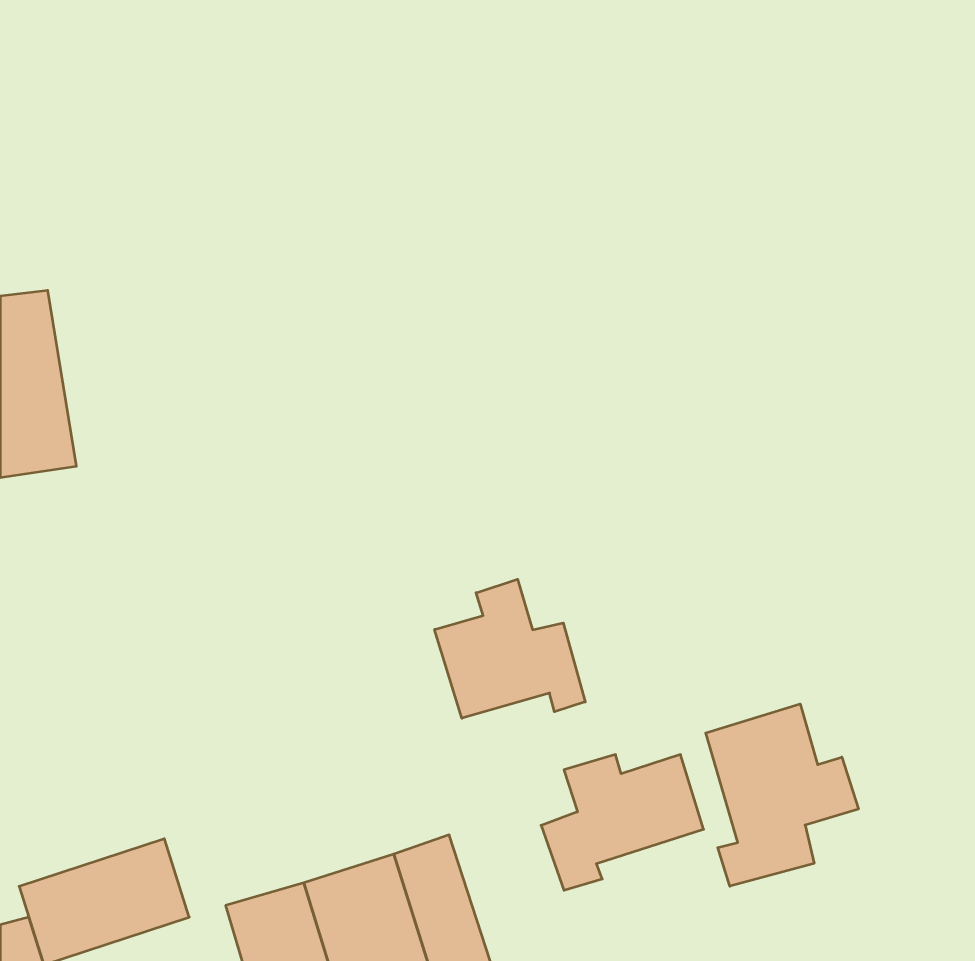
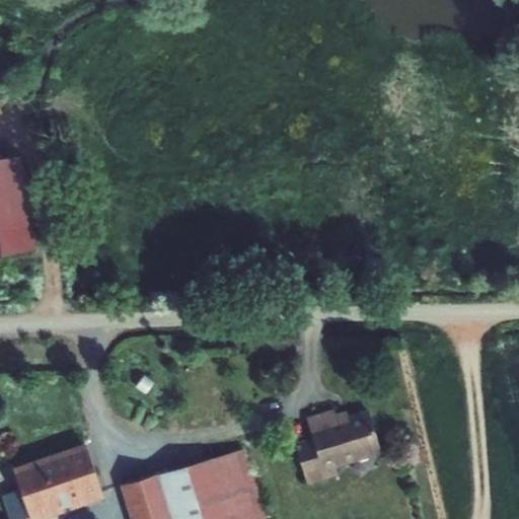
building: [435,579,585,718] -> none
building: [706,704,858,886] -> none

